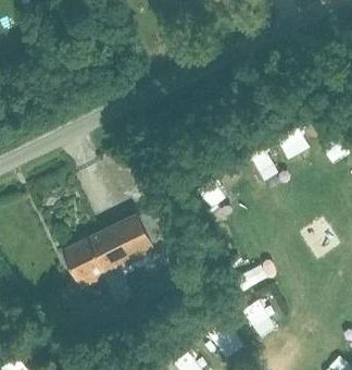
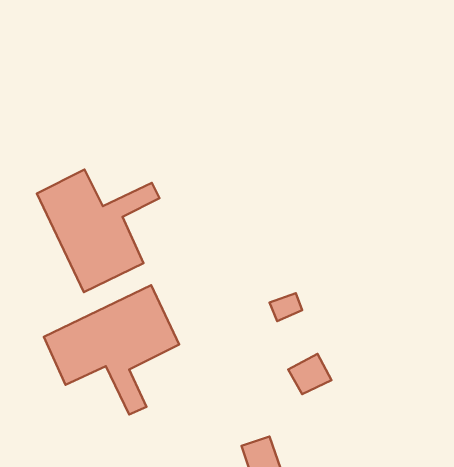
building: none -> [37,169,160,292]

